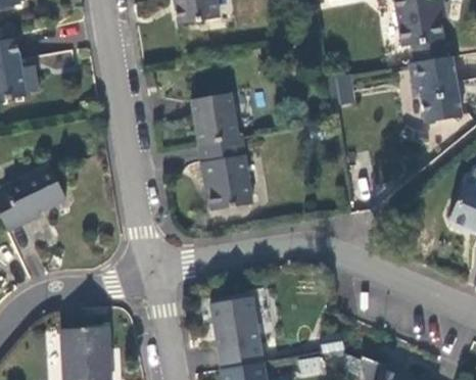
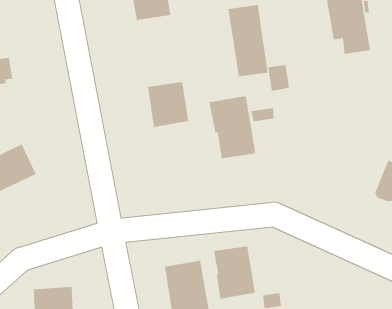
building: none -> [228,4,268,77]
building: [409,56,462,124] -> none
building: [198,139,252,210] -> [209,96,256,159]
building: none -> [214,245,256,299]

